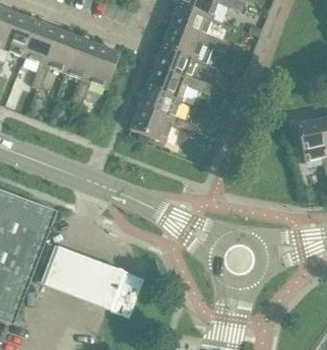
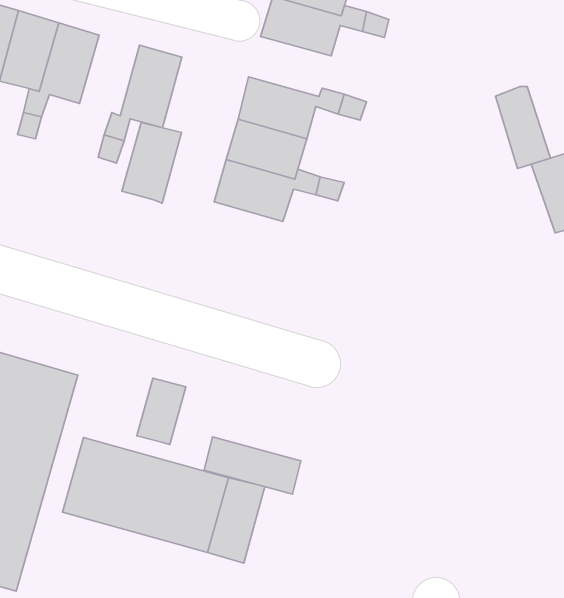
building: [66,37,100,79] -> [122,122,181,203]
building: [154,45,198,78] -> none
building: none -> [495,87,550,169]
building: none -> [137,378,186,444]
building: none -> [204,437,301,494]

